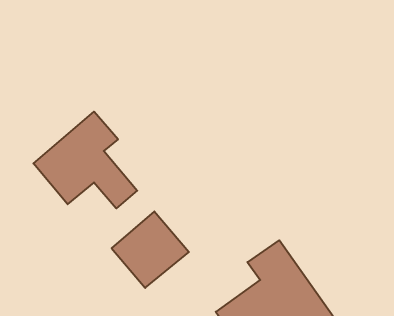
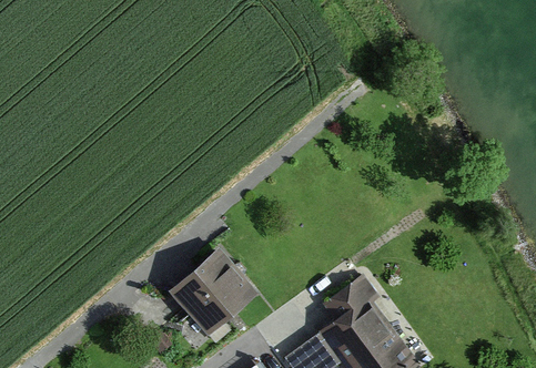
building: [33,112,137,208] -> none

